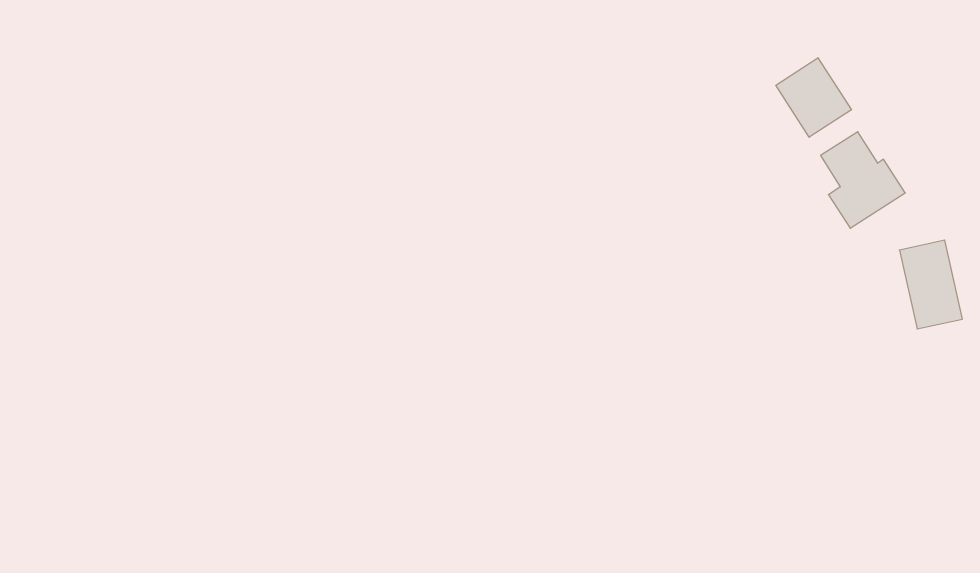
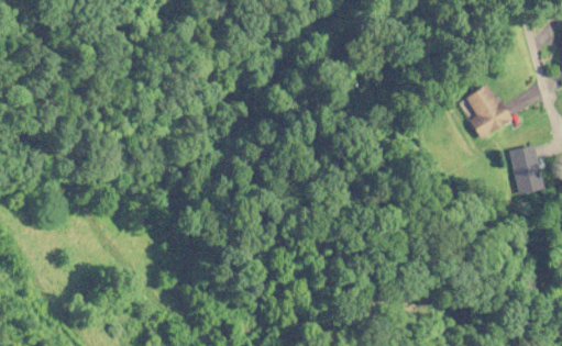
building: [776,58,851,137] -> none

